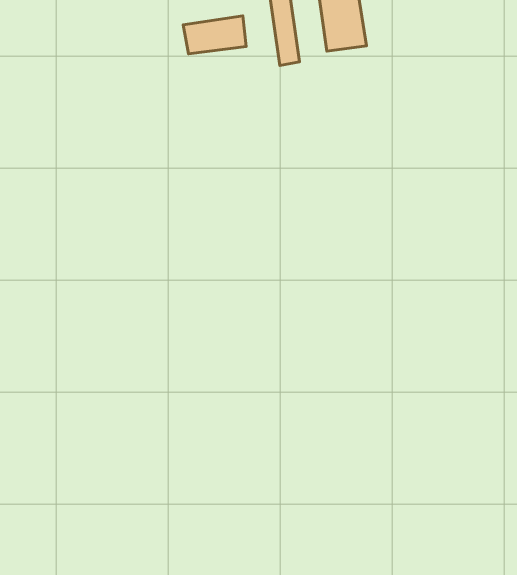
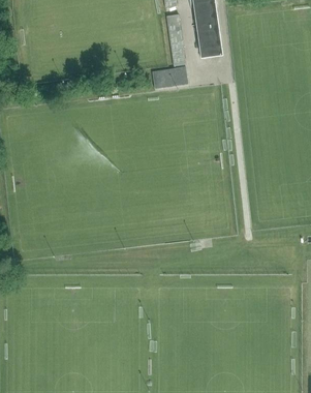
building: [183,16,246,54] -> [151,67,187,89]

